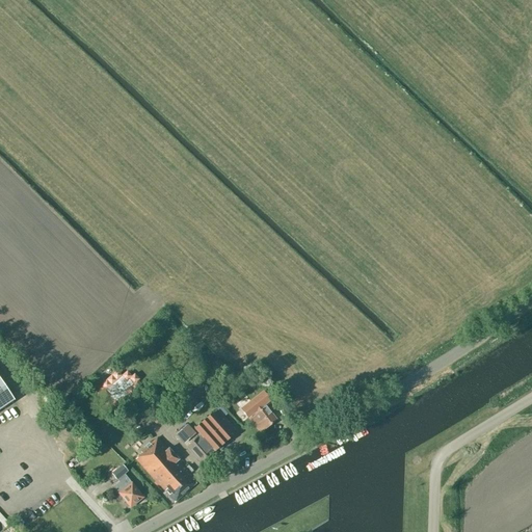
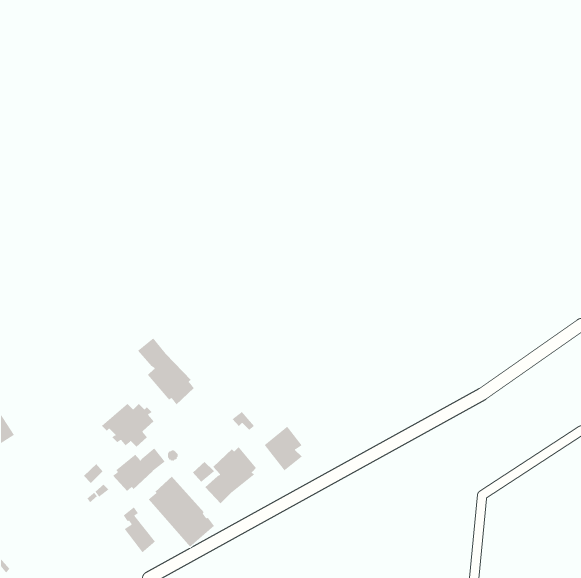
building: none -> [137,338,195,405]
building: none -> [112,448,165,492]

